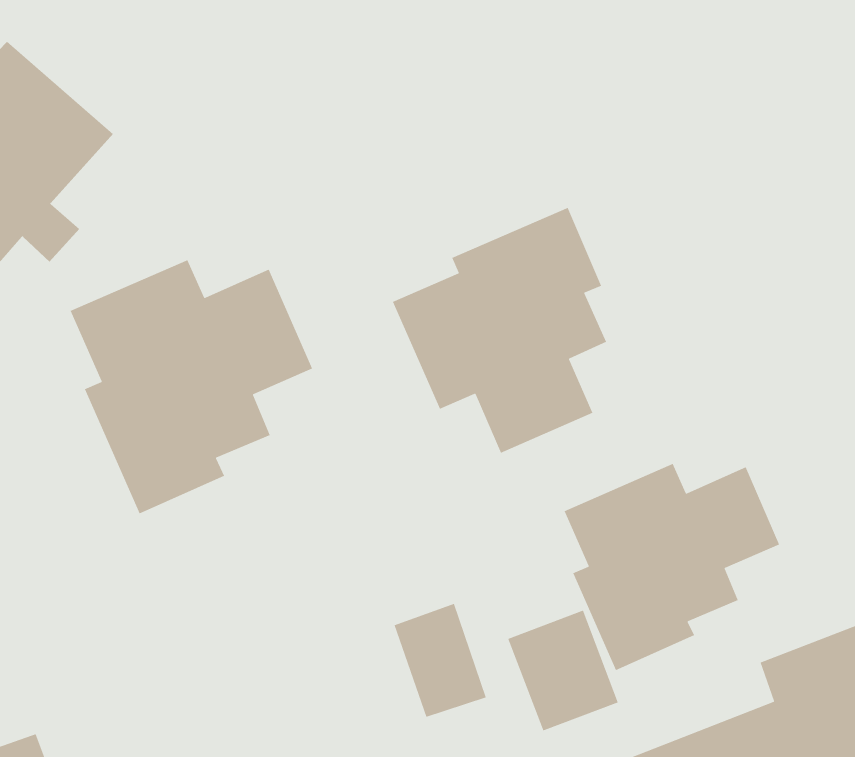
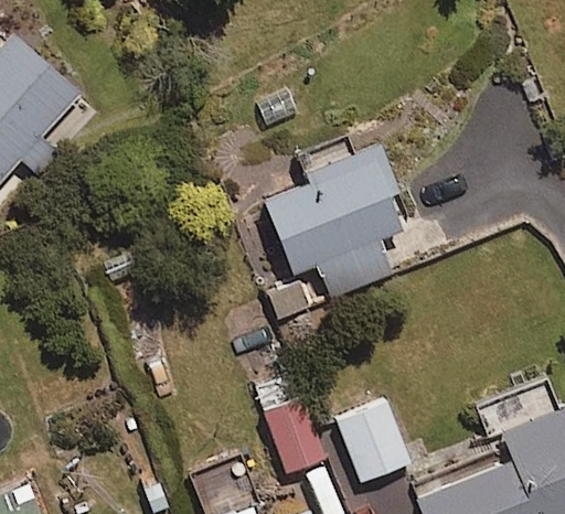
building: [70,259,313,515] -> none
building: [563,463,780,671] -> none

